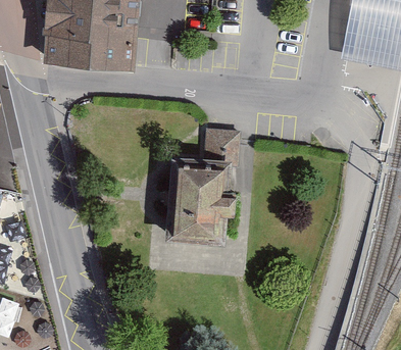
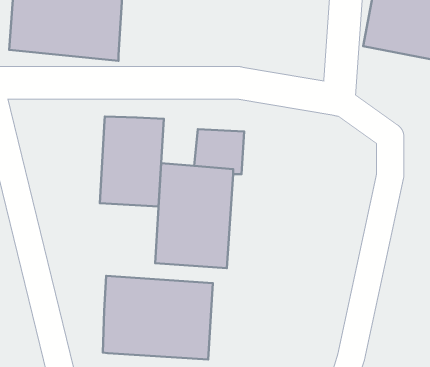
building: none -> [100,117,164,206]
building: none -> [103,276,213,360]

